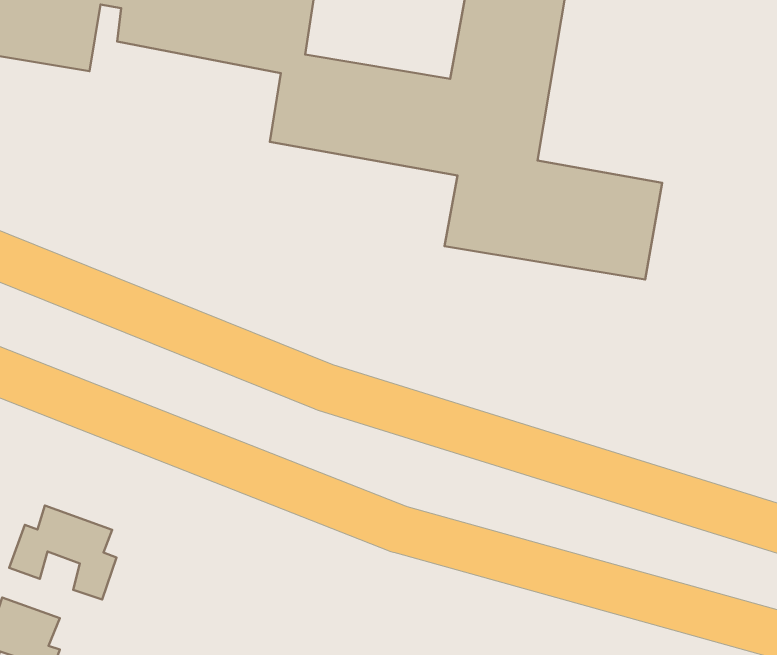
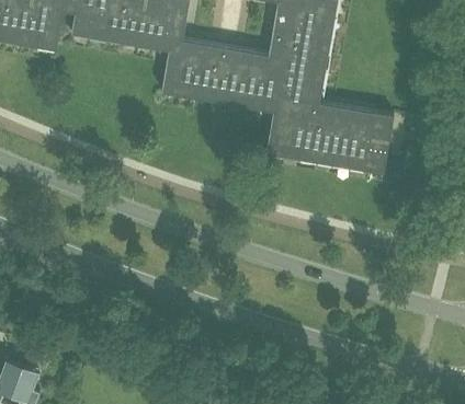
building: [9,506,116,600] -> none

